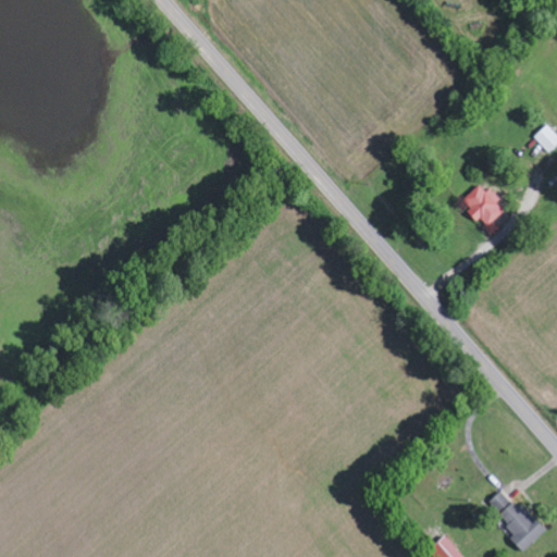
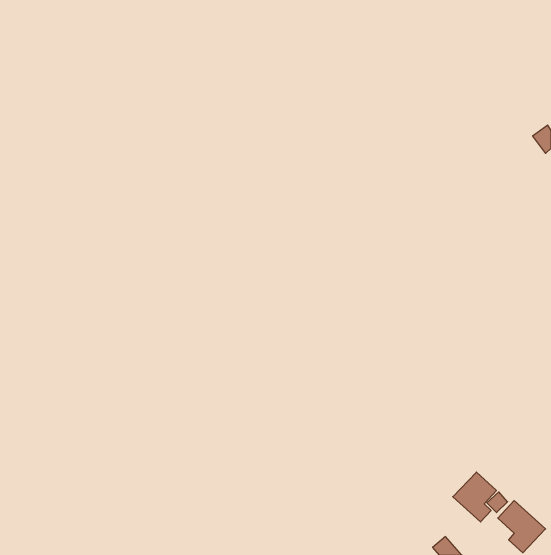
building: [463,183,503,228] -> none
building: none -> [453,472,496,522]

